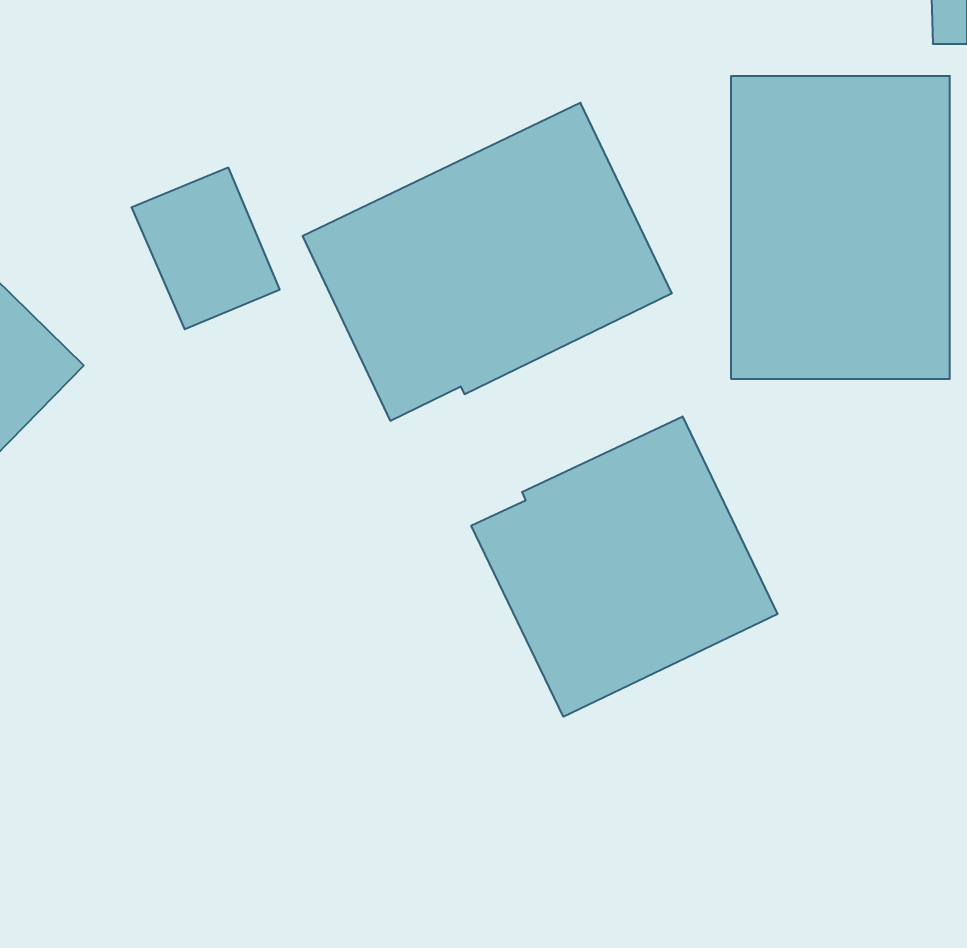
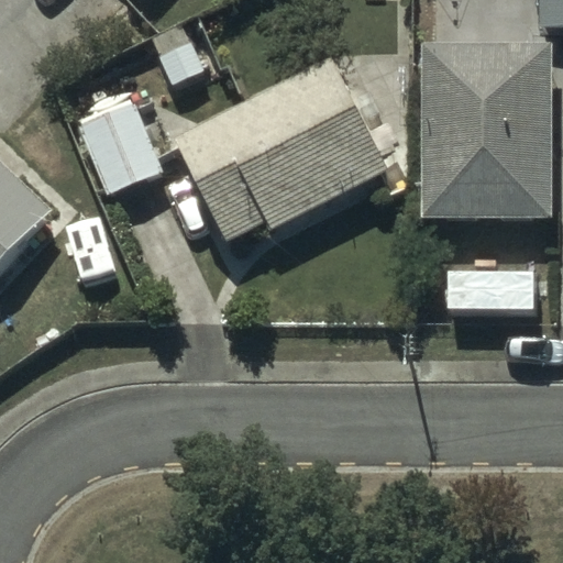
building: [471,416,777,717] -> none

